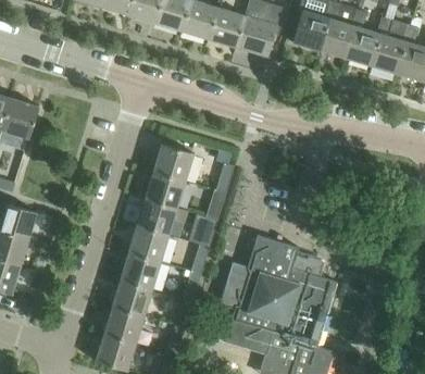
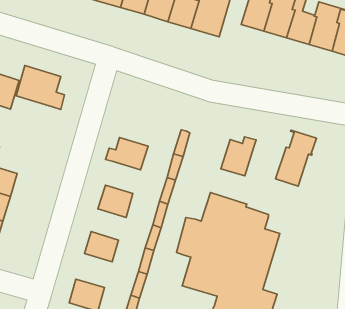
building: none -> [16,65,65,109]
building: [153,144,193,182] -> none
building: none -> [276,130,316,186]
building: none -> [221,137,256,176]
building: [137,199,187,236] -> none
building: [121,253,161,289] -> none
building: [103,304,145,344] -> none

